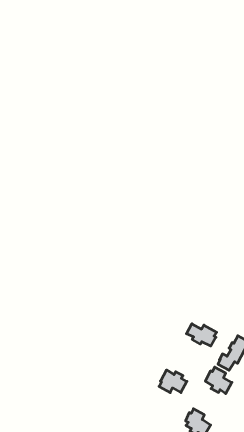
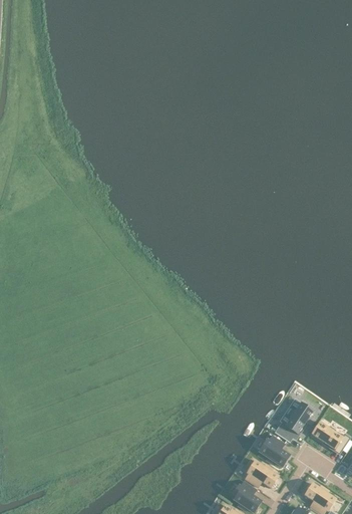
building: [186,324,217,346] -> none
building: [159,370,187,393] -> [245,461,277,488]

